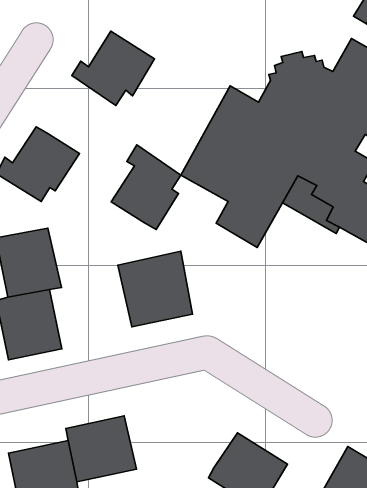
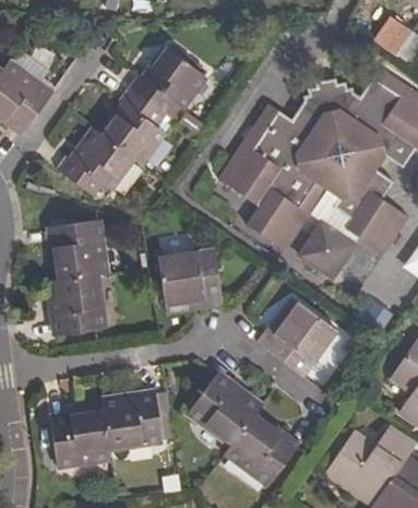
building: [111,145,181,230] -> [103,85,166,162]
building: none -> [298,220,354,276]
building: none -> [258,296,337,376]
building: none -> [188,373,261,442]

